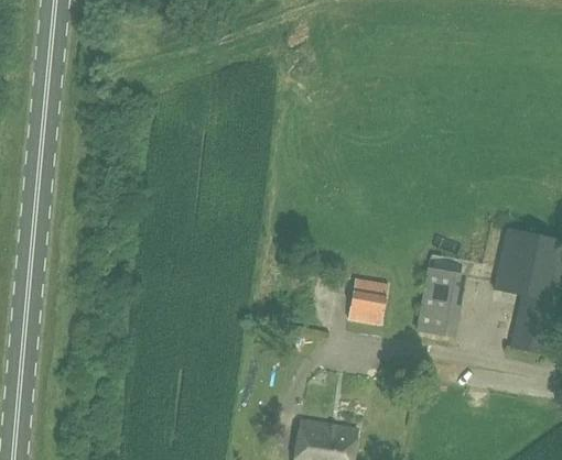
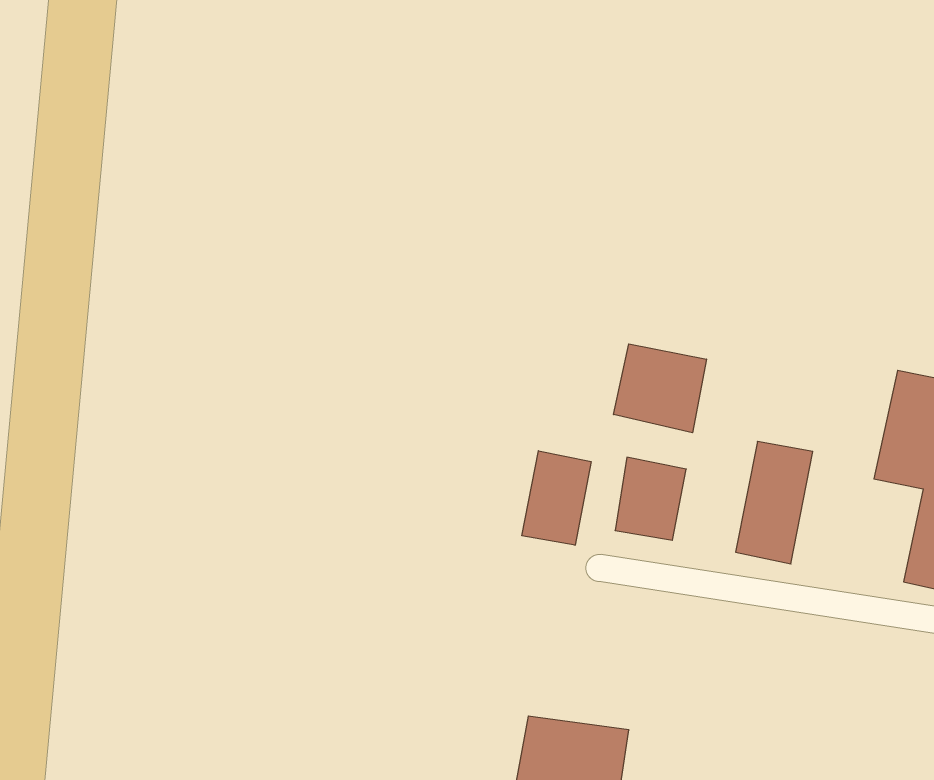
building: none -> [614,344,706,433]
building: none -> [522,451,591,545]

